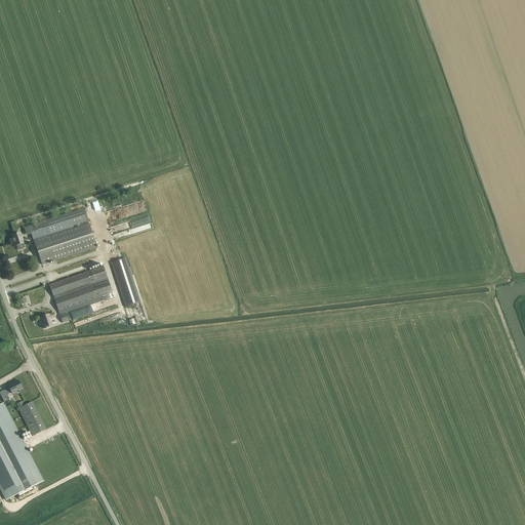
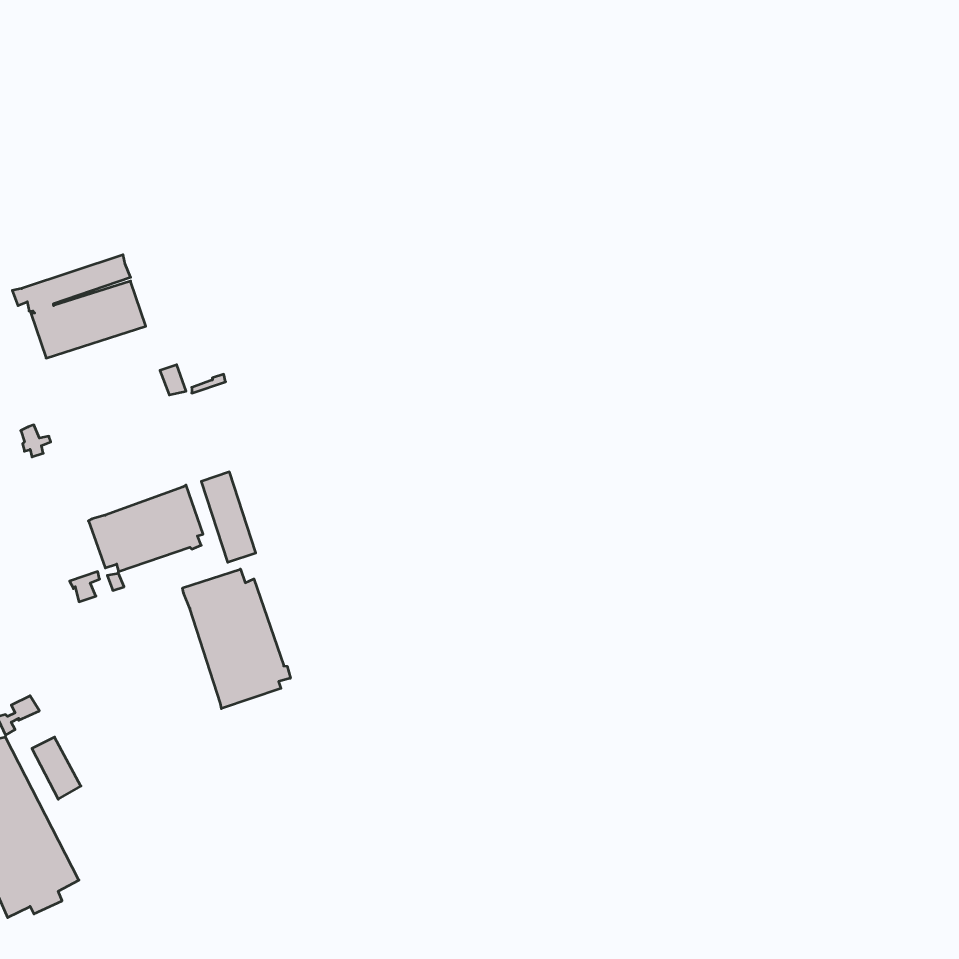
building: [23,207,95,264] -> [12,255,146,358]
building: none -> [183,569,290,709]

